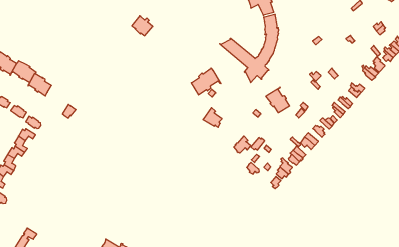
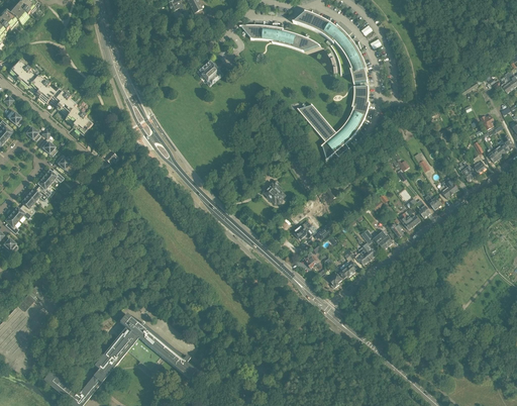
building: [191,68,221,95] -> none
building: [266,87,290,113] -> none

